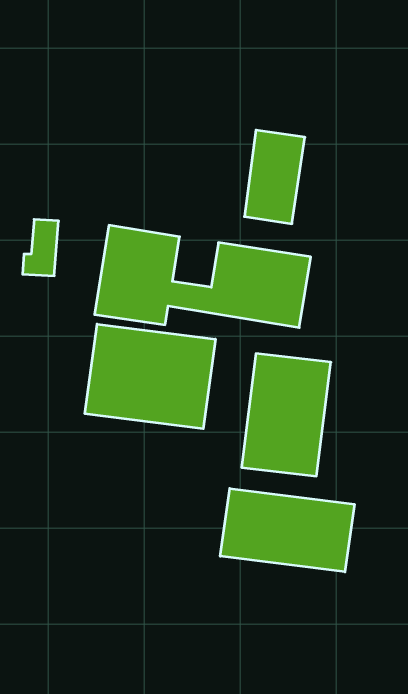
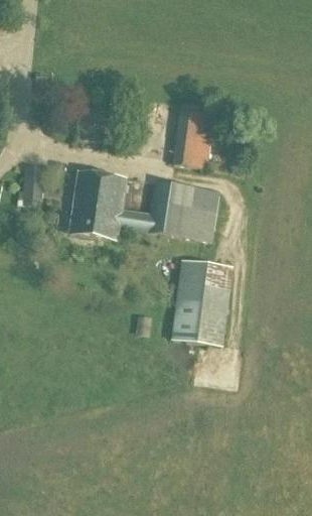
building: [85,324,215,429] -> none
building: [220,488,354,572] -> none

